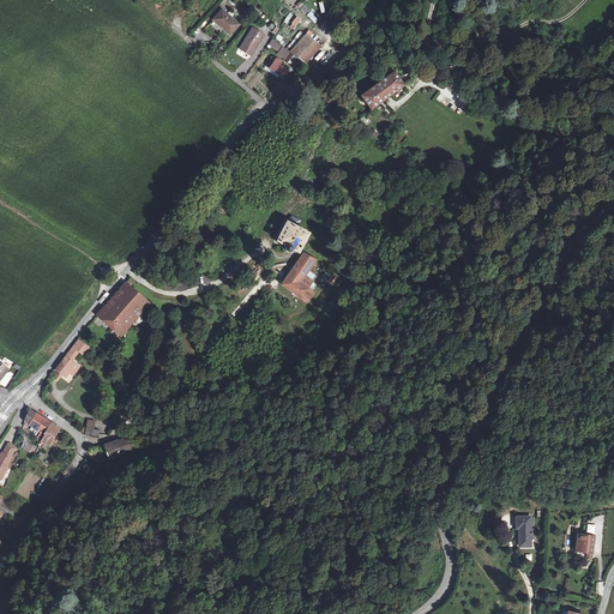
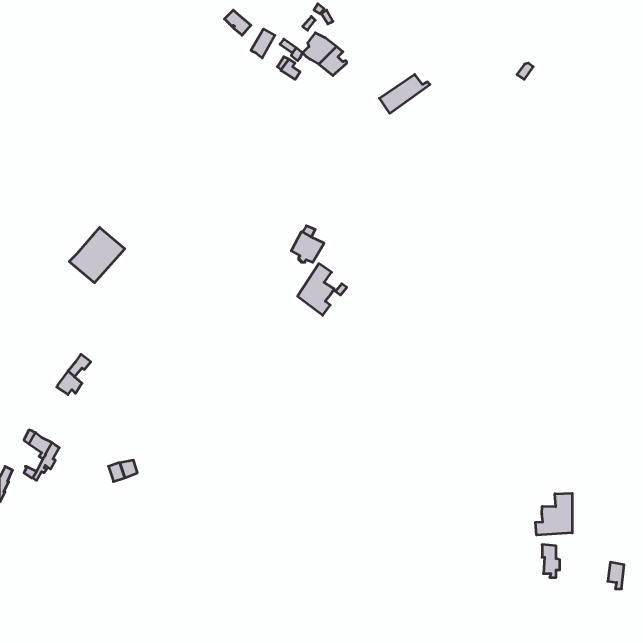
building: [96,281,149,333] -> [69,227,125,283]
building: none -> [536,493,572,535]

